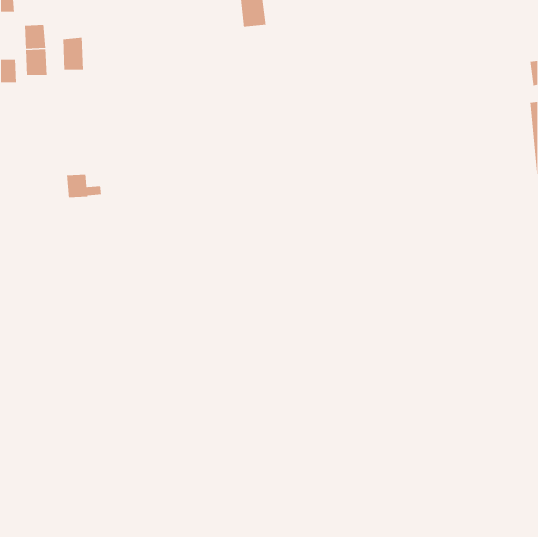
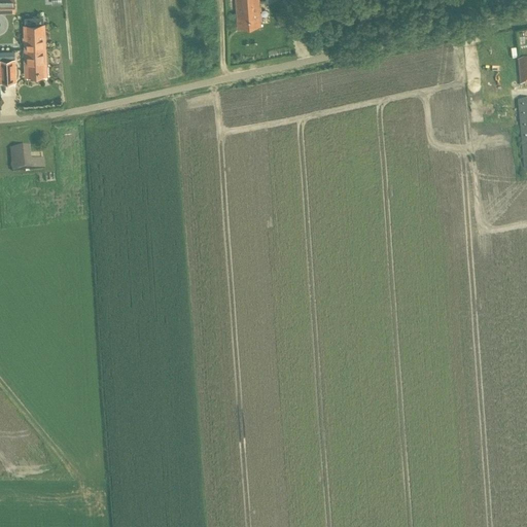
building: [62,37,84,71] -> none
building: [66,174,102,198] -> [10,146,45,170]

